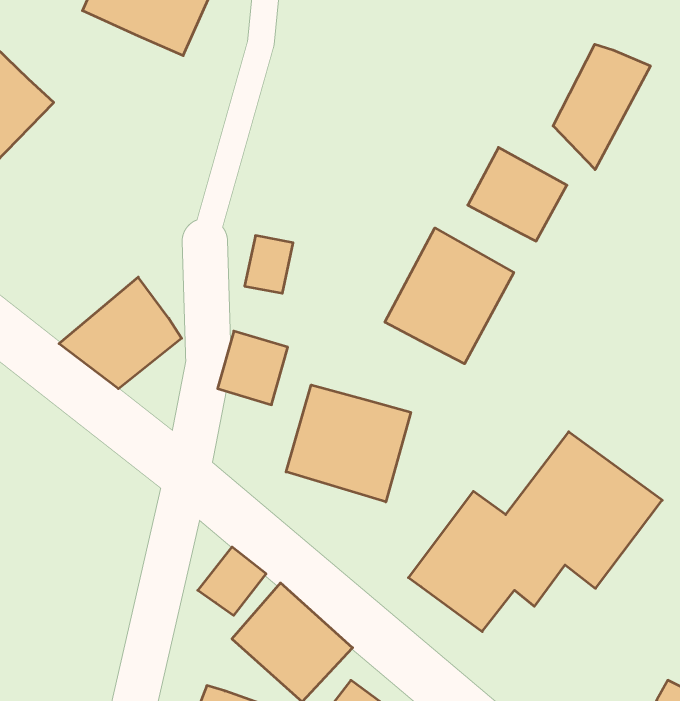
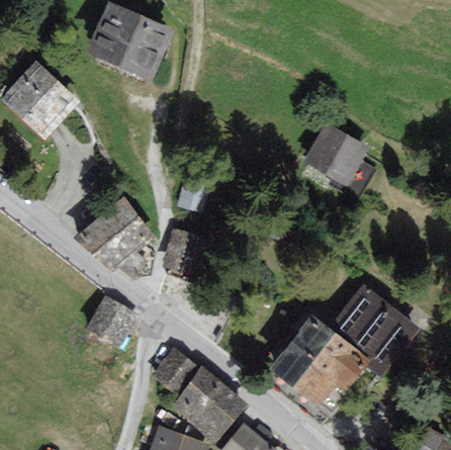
building: [553,44,650,170] -> none
building: [385,228,514,364] -> none
building: [286,385,411,502] -> none
building: none -> [91,298,131,341]

